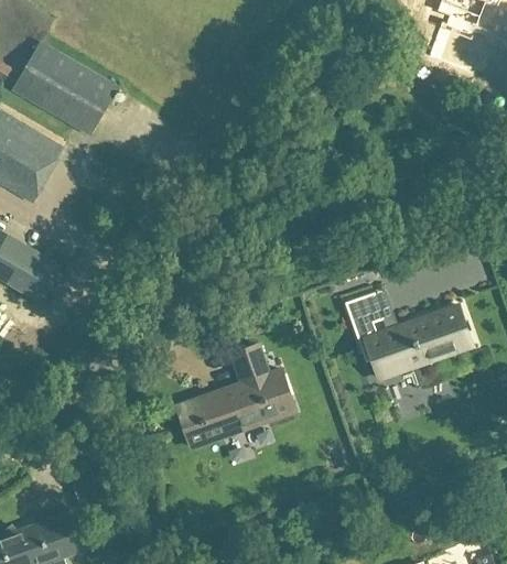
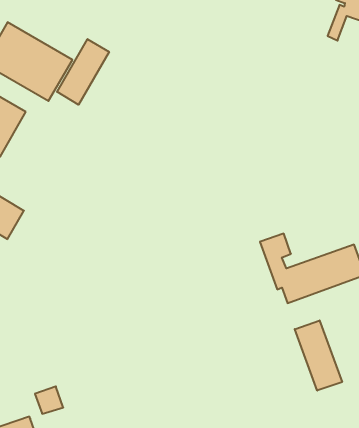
building: none -> [57,39,109,105]
building: [175,346,293,444] -> none
building: none -> [295,320,342,391]

